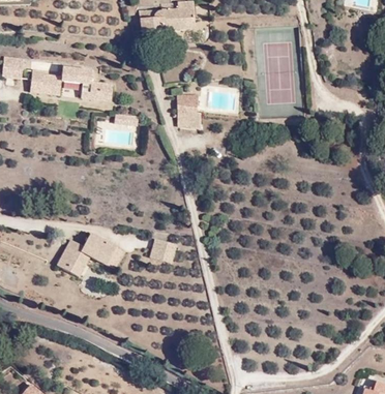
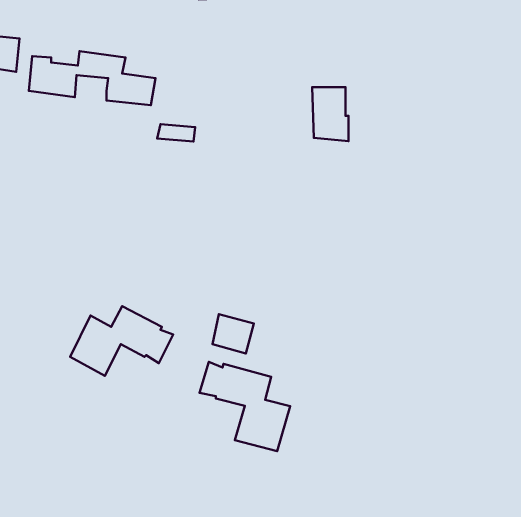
building: [176,93,200,128] -> [312,87,349,141]
building: none -> [200,362,290,451]

